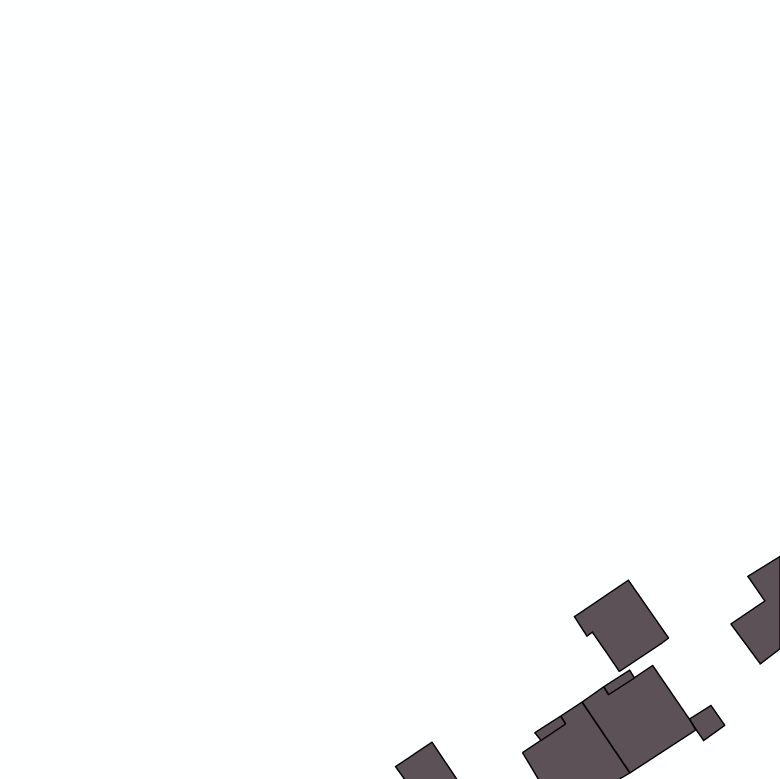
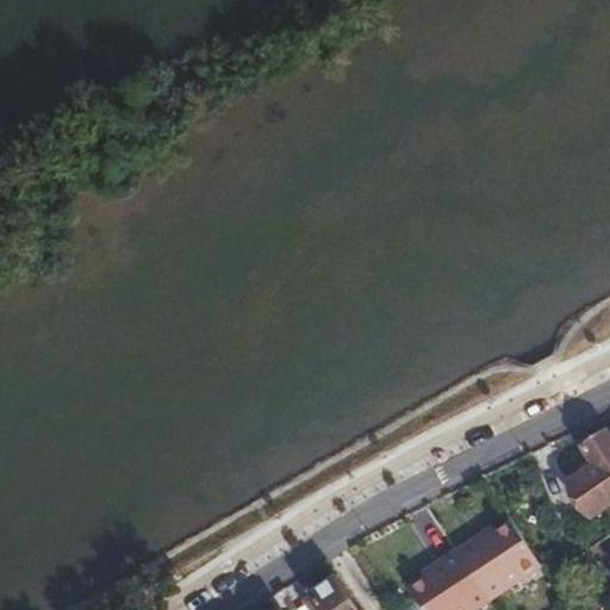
building: [574,580,668,671] -> none

